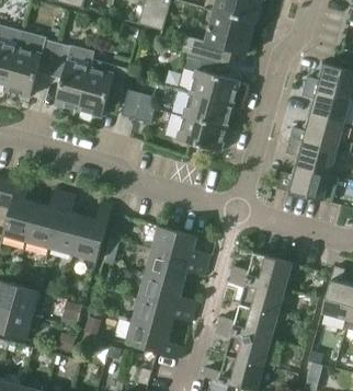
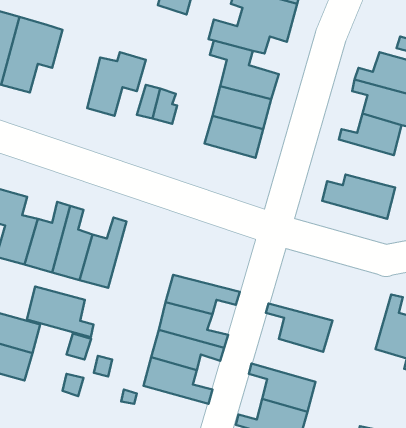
building: [49,44,94,110] -> none
building: [286,136,337,174] -> none
building: [151,226,209,264] -> none
building: [231,252,292,288] -> none
building: none -> [27,286,94,337]
building: [217,303,277,340] -> none

